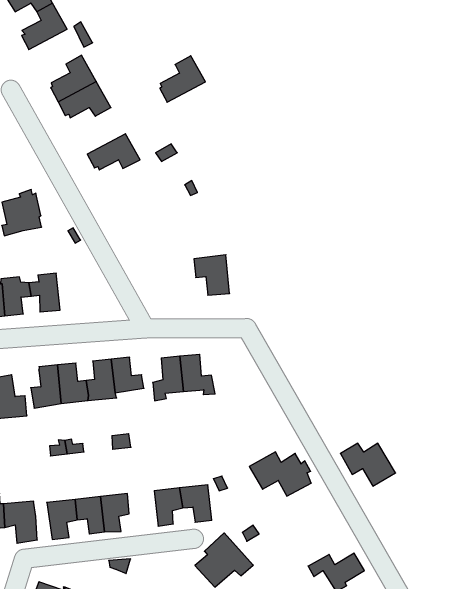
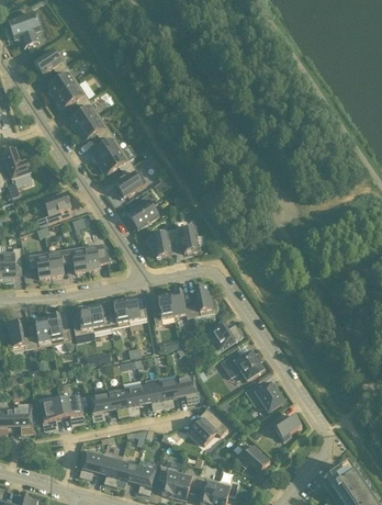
building: none -> [54,83,89,109]
building: [160,56,205,102] -> [92,133,122,165]
building: none -> [115,166,146,199]
building: none -> [128,191,158,228]
building: none -> [151,228,176,257]
building: none -> [83,244,110,269]
building: none -> [191,285,215,316]
building: none -> [209,323,241,352]
building: [340,443,396,486] -> [246,383,283,412]
building: none -> [142,377,164,408]

